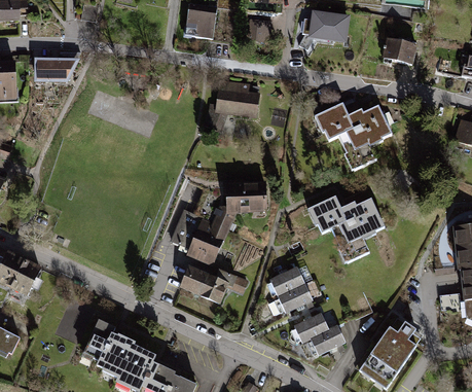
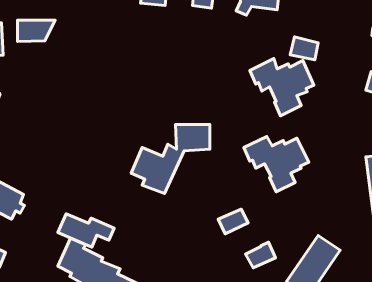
building: [383,37,416,65] -> [290,37,318,60]
building: [203,79,259,132] -> none
building: [178,263,246,304] -> [58,214,114,247]
building: [268,266,304,296] -> none
building: [293,313,328,344] -> none

